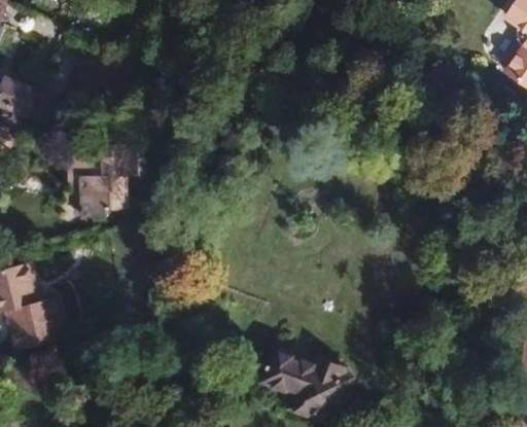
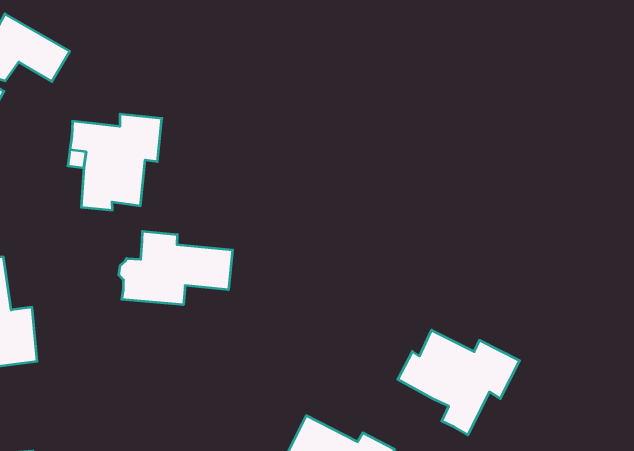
building: none -> [119,231,233,305]
building: none -> [398,330,520,435]

